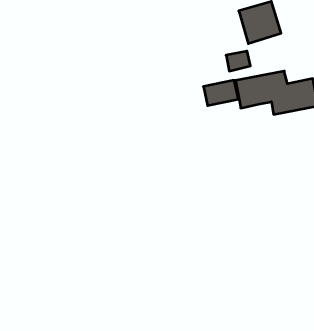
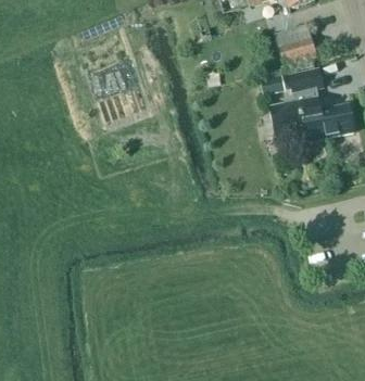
building: [203,80,238,106] -> [289,66,325,92]

